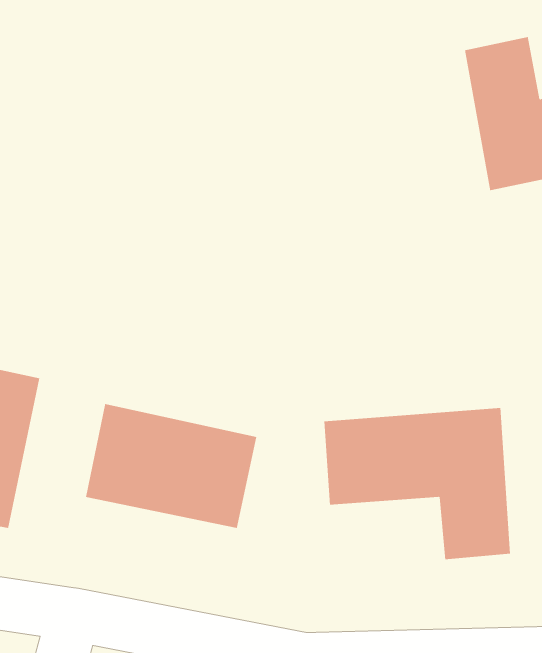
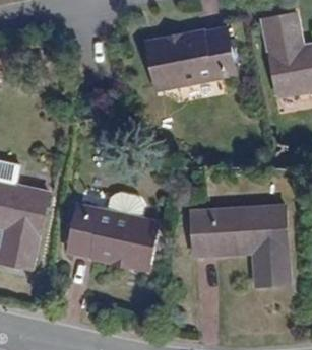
building: none -> [149,39,236,99]

